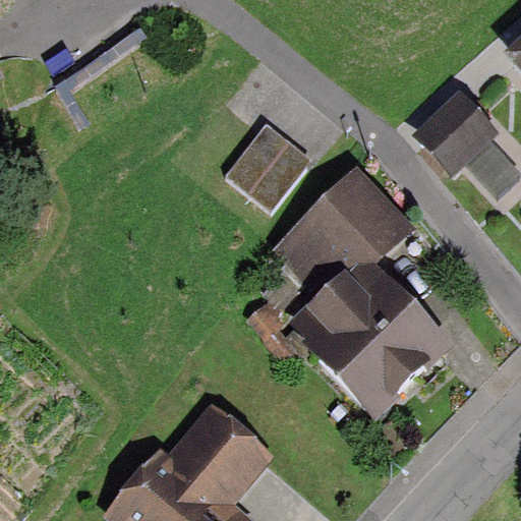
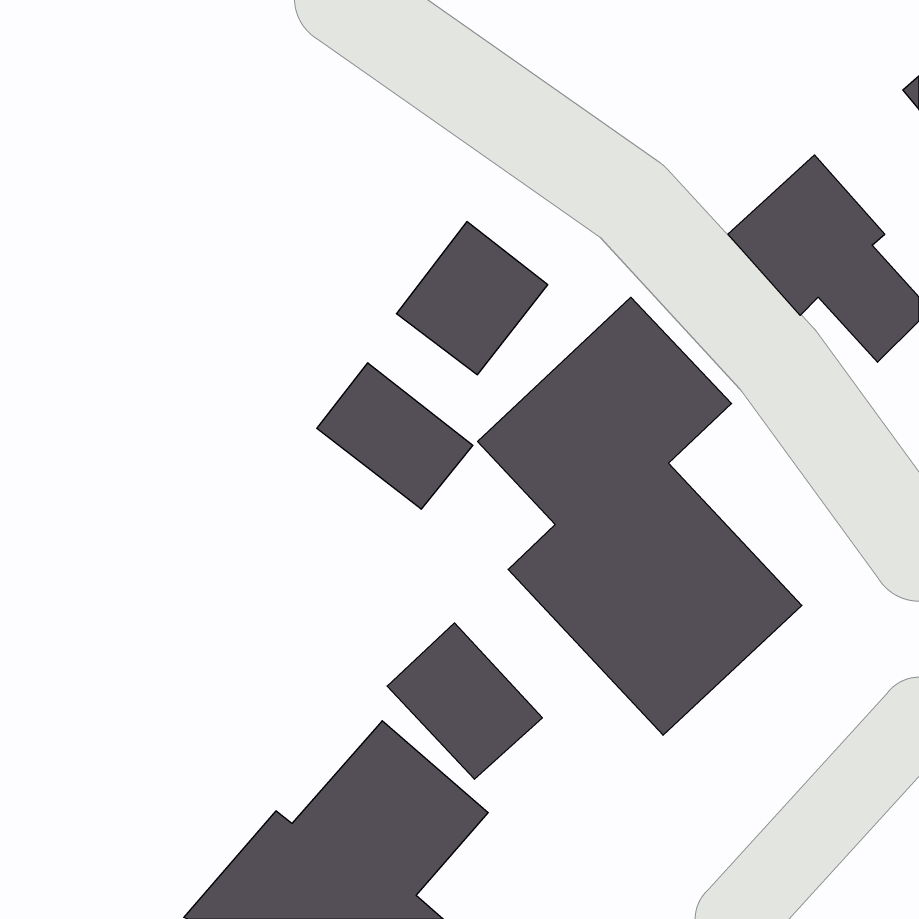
building: none -> [317,363,473,509]
building: none -> [387,623,542,779]

